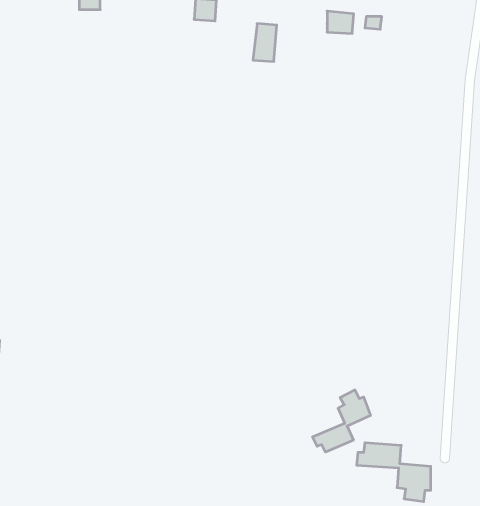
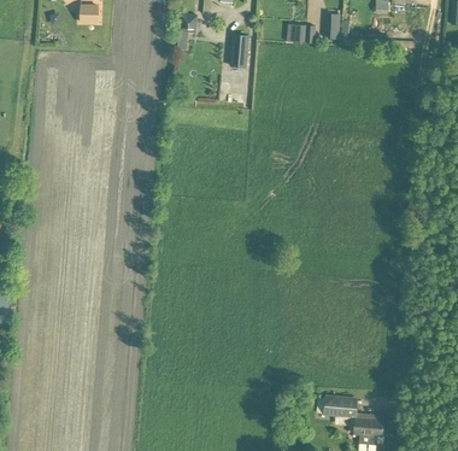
building: [313,390,370,452] -> none

